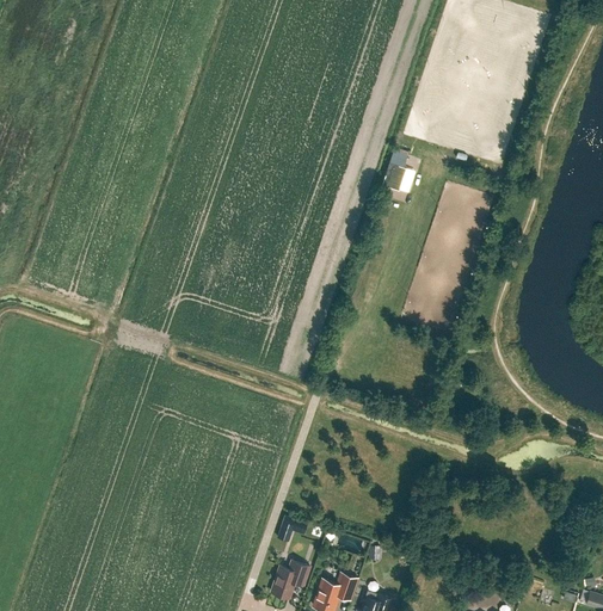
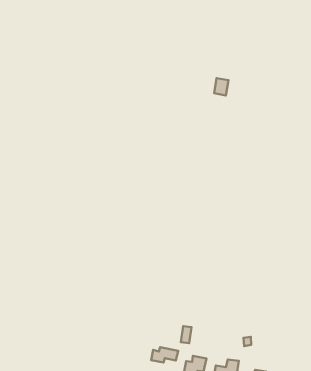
building: none -> [151,347,178,363]

